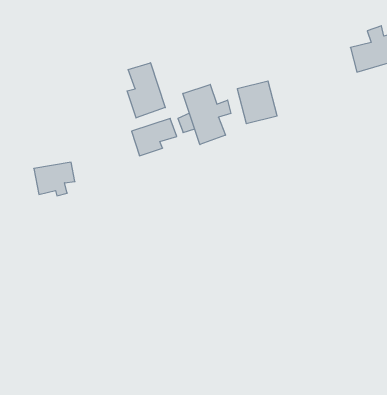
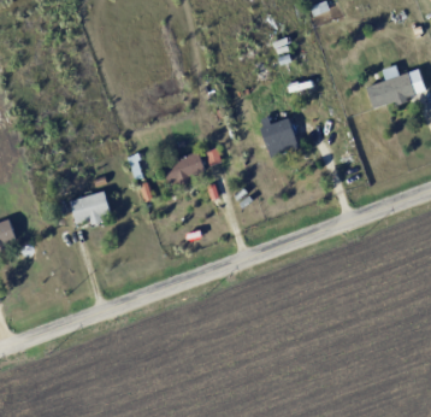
building: [127,63,165,118] -> none
building: [183,84,231,145] -> none

